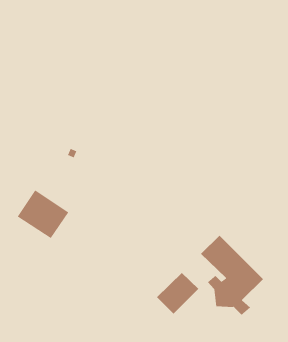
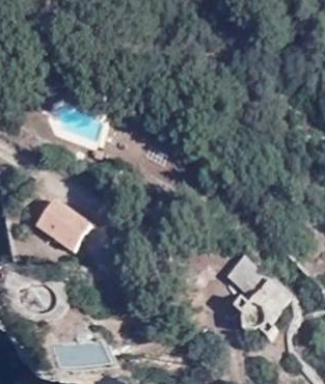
building: [156,272,199,314] -> none

